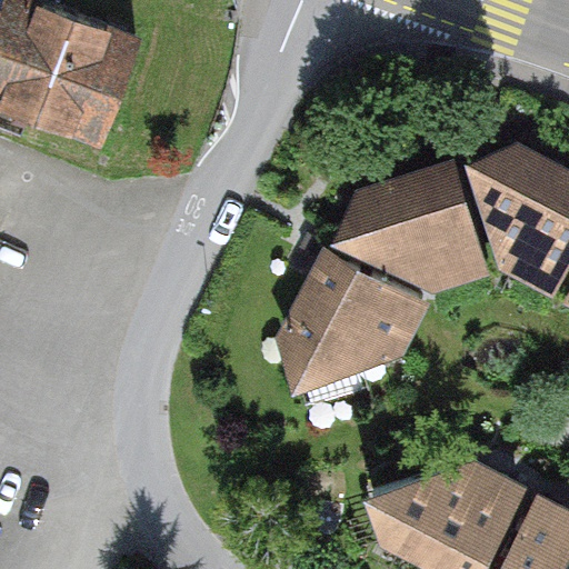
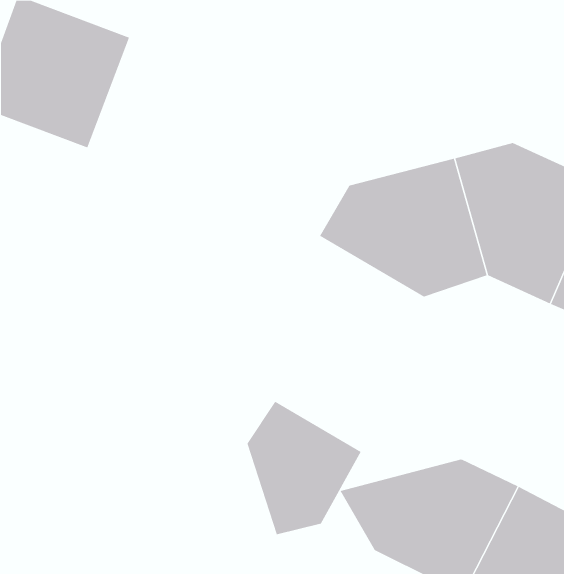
building: [276,238,431,378] -> none
building: none -> [247,401,361,535]

